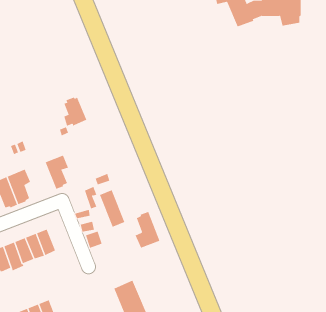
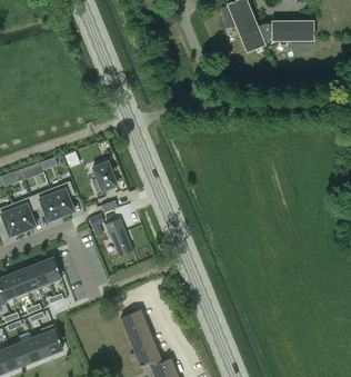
building: [63,97,87,126] -> [92,161,117,191]
building: none -> [30,189,61,221]
building: [135,211,160,248] -> none

